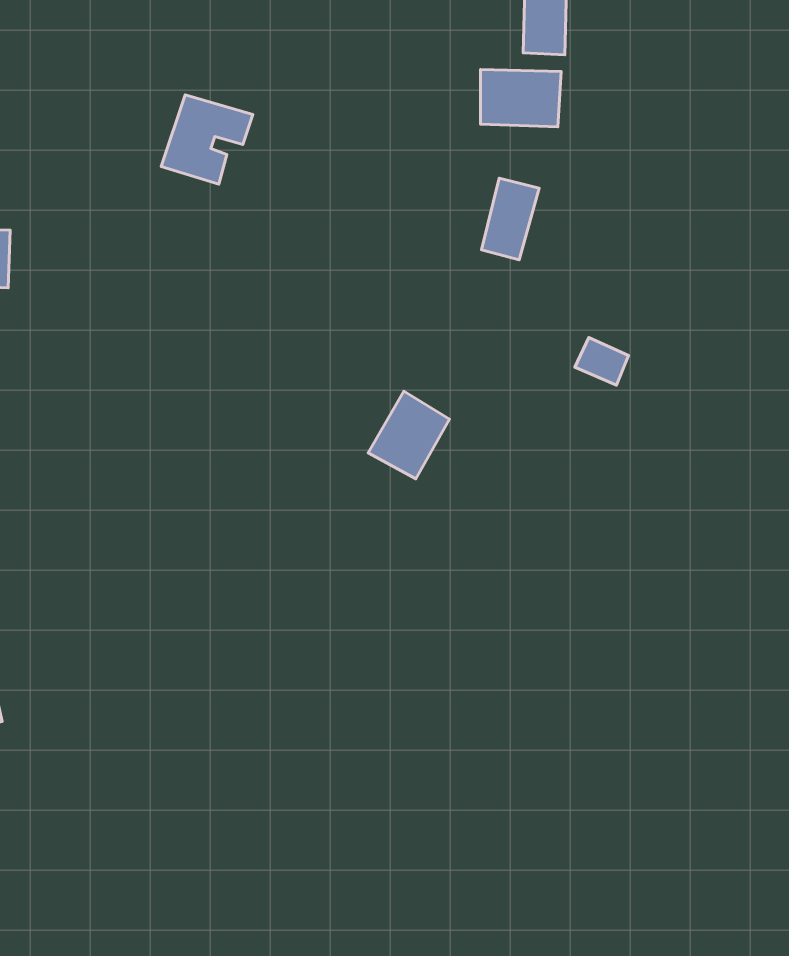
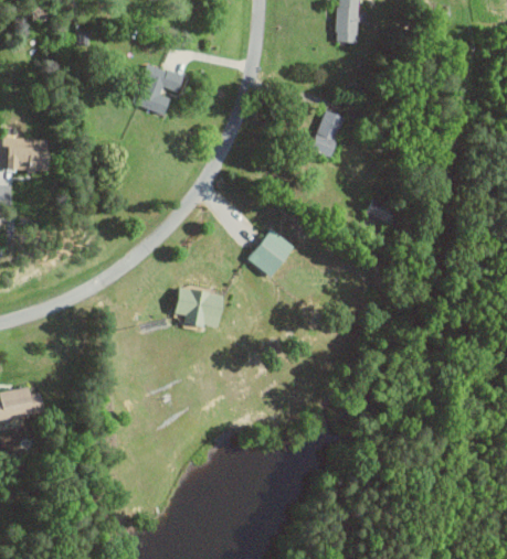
building: [480,69,561,127] -> none
building: none -> [177,289,225,329]

